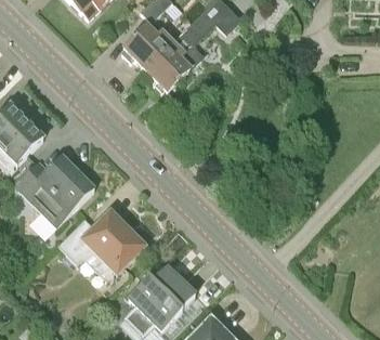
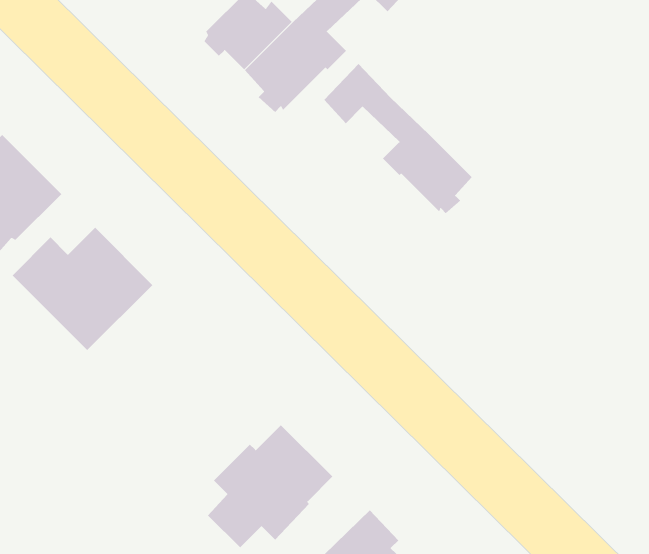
building: none -> [323,63,472,214]
building: [57,212,143,282] -> none

